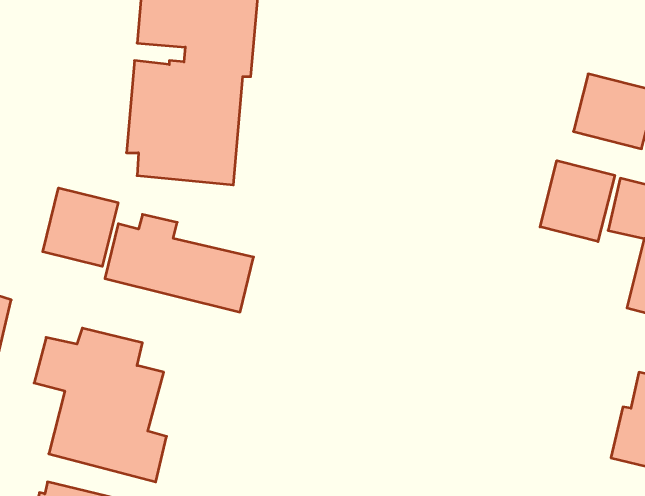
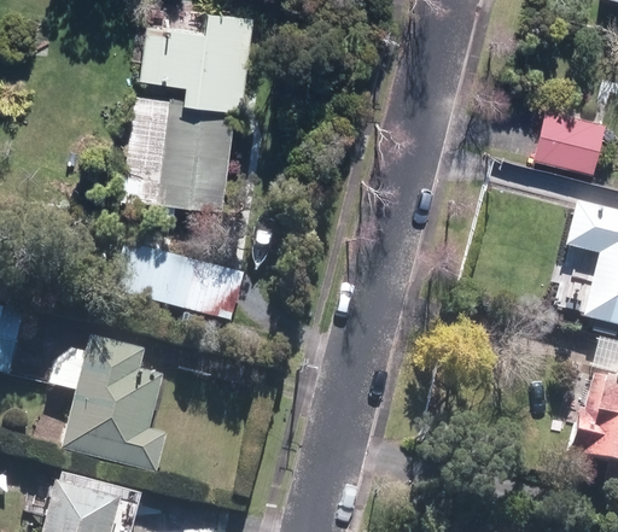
building: [540,161,615,242] -> none
building: [43,188,118,266] -> none

